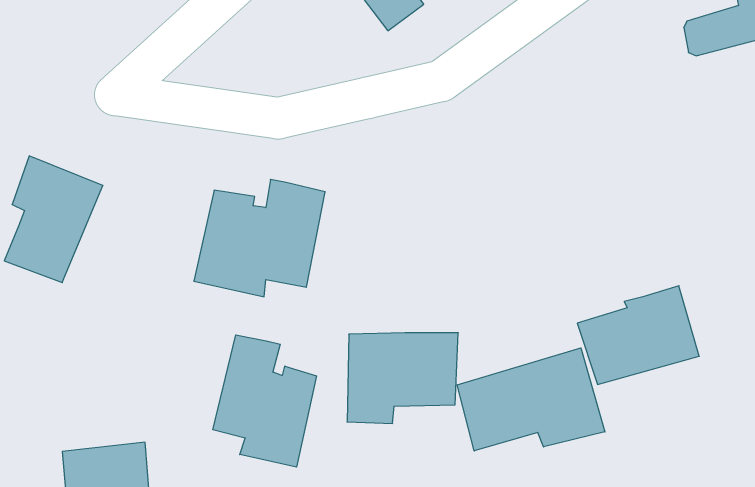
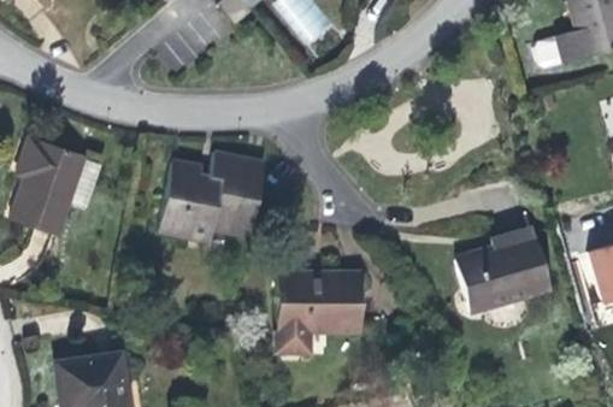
building: [213,335,317,467] -> none
building: [457,348,605,451] -> none

